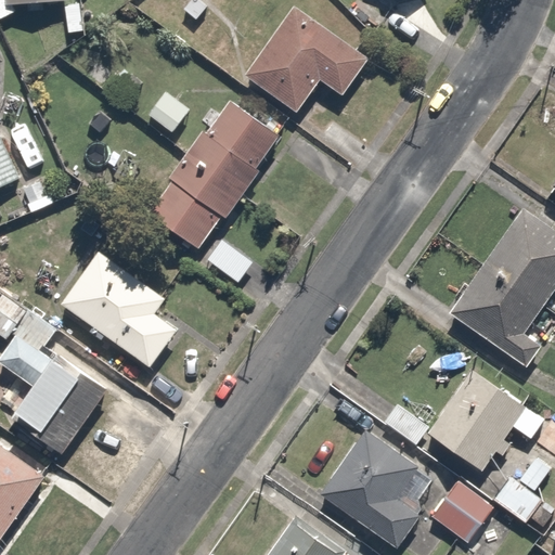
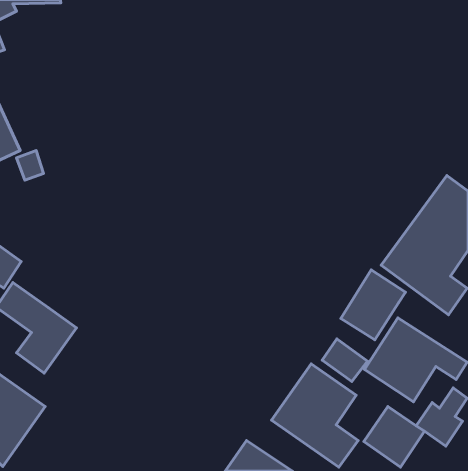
building: [245,7,367,112] -> none
building: [145,94,287,256] -> none
building: [61,250,178,367] -> none
building: none -> [341,270,405,340]

